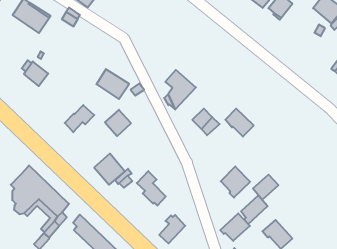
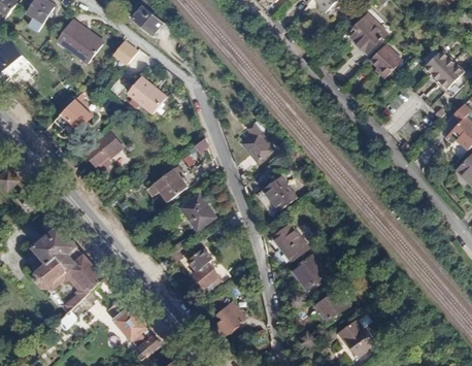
building: [96,69,129,99] -> [129,76,169,114]
building: [65,105,94,132] -> [86,135,123,167]
building: [225,109,254,137] -> [272,223,306,258]
building: [94,154,125,185] -> [177,193,214,231]
building: [253,175,278,200] -> none
building: [220,213,250,241] -> none

